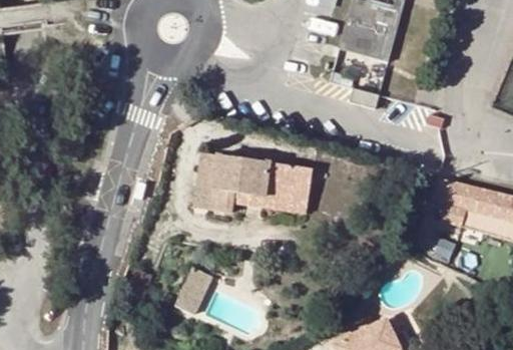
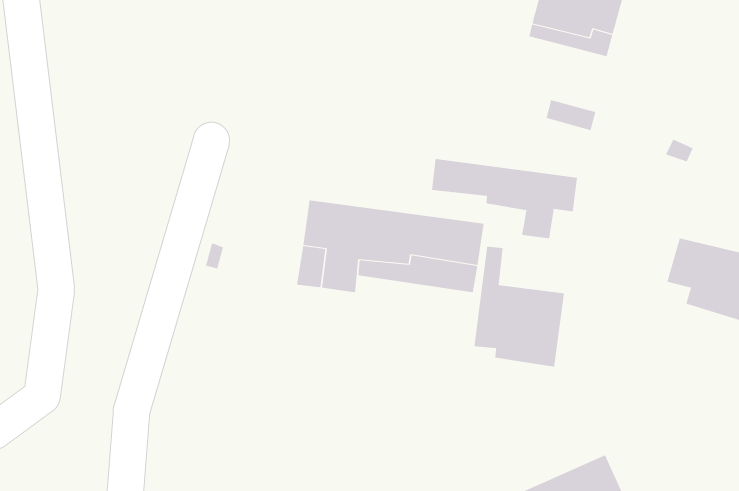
building: none -> [431,158,578,239]
building: none -> [474,246,565,367]
building: [173,268,210,315] -> none

